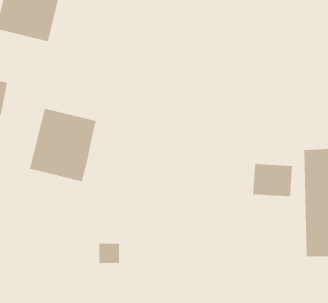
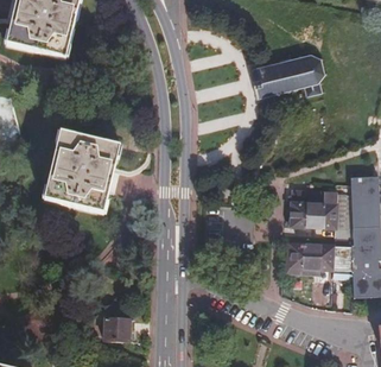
building: none -> [252,51,328,99]
building: none -> [290,245,350,271]
building: [98,243,120,263] -> [104,319,128,342]

